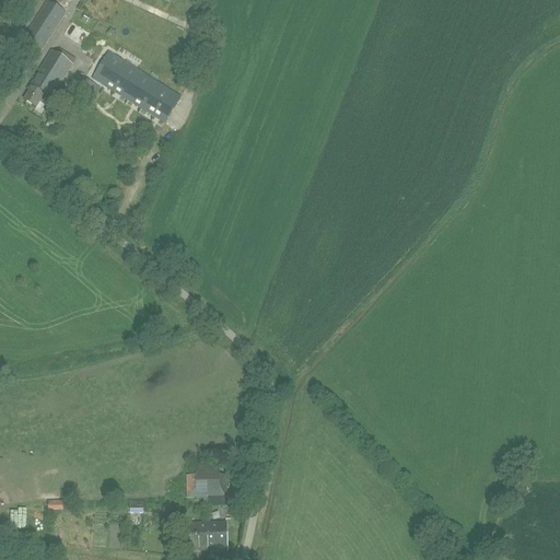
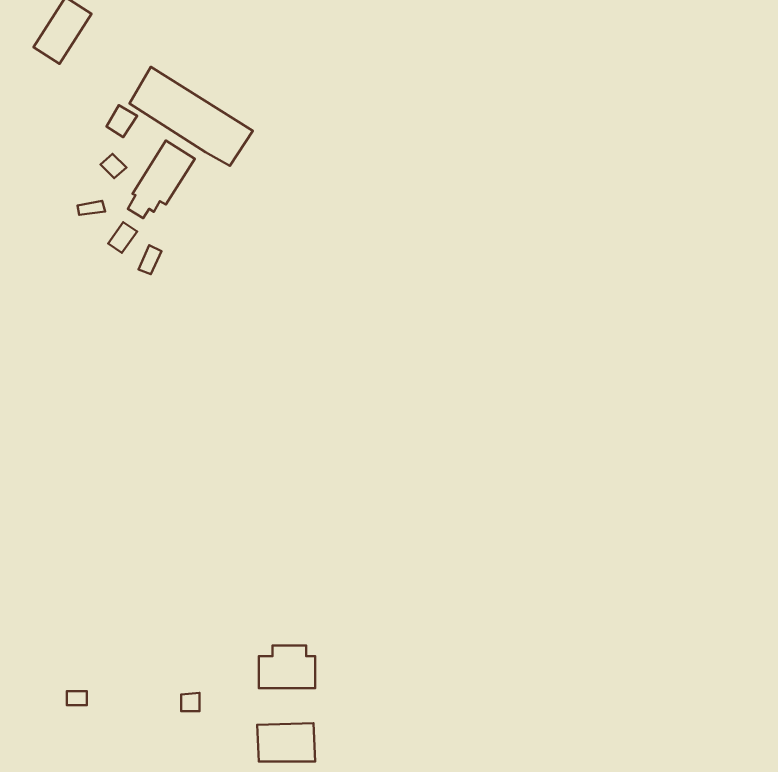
building: [24,48,72,104] -> [128,140,195,218]

